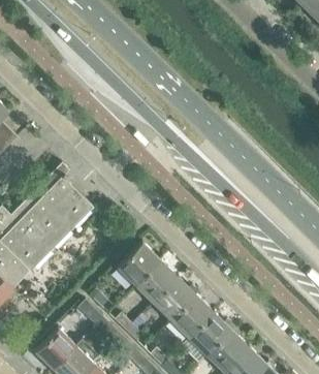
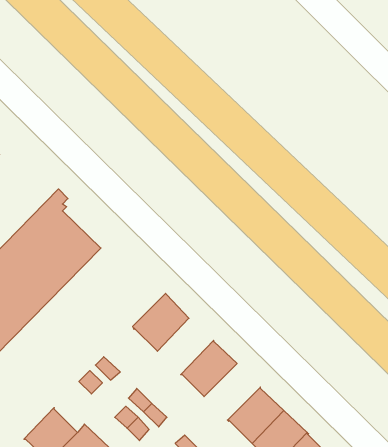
building: [135,260,178,303] -> none
building: [170,294,213,337] -> none

